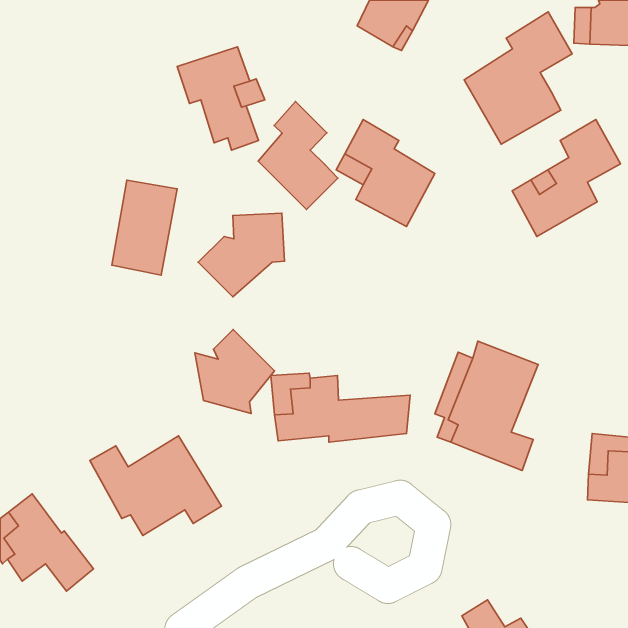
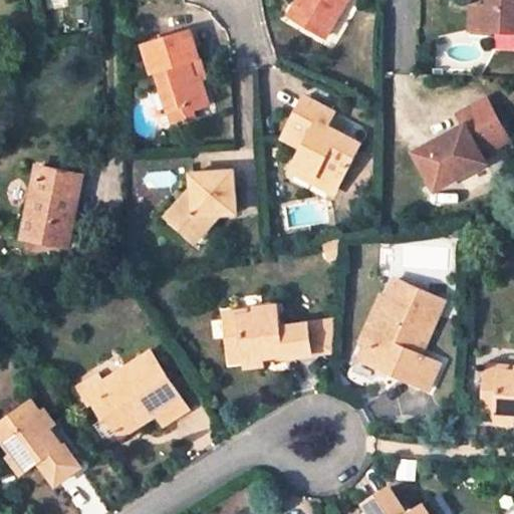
building: [464,12,572,144] -> none
building: [258,102,338,210] -> none
building: [112,180,177,275] -> [21,164,74,241]
building: [195,329,275,414] -> none

